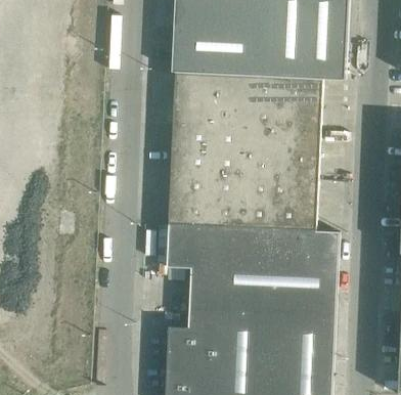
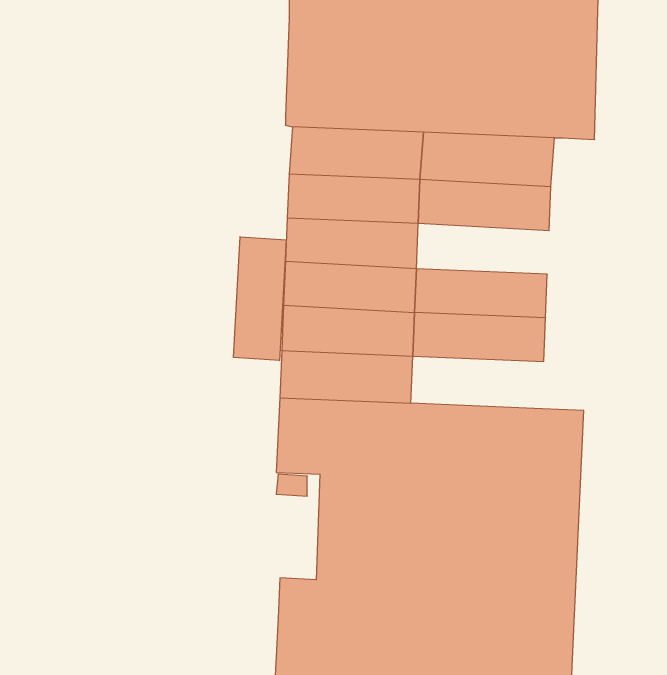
building: [246,127,320,156] -> none
building: none -> [233,237,286,361]
building: [242,202,317,231] -> none

